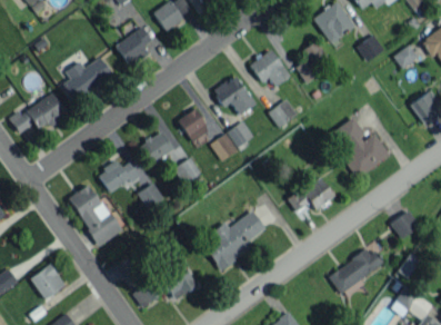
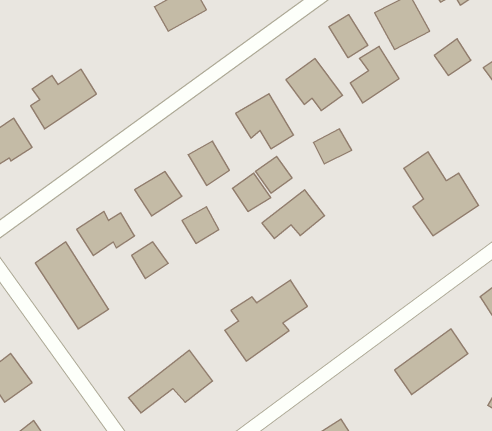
building: none -> [329,15,368,58]
building: [116,27,152,66] -> none
building: [289,176,334,211] -> [262,190,325,239]

